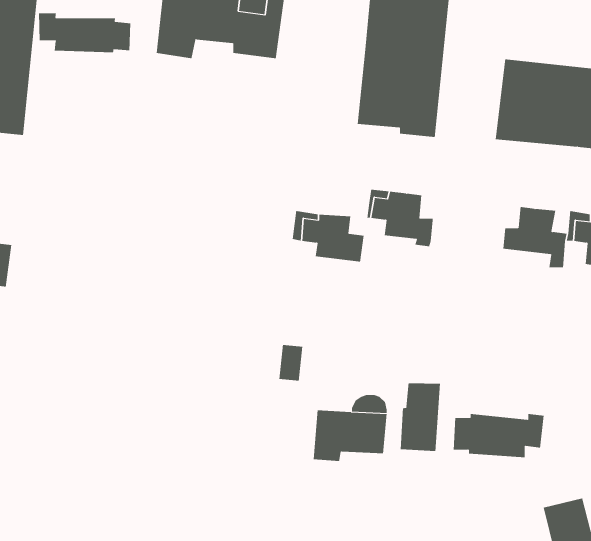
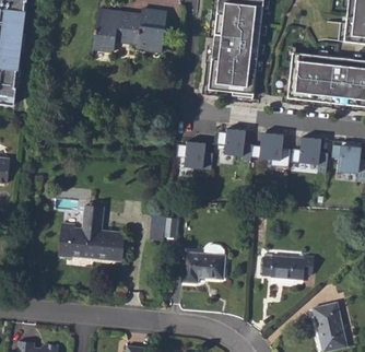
building: [39,12,131,53] -> none
building: none -> [250,132,290,166]
building: none -> [59,206,125,260]
building: [400,382,440,452] -> none

